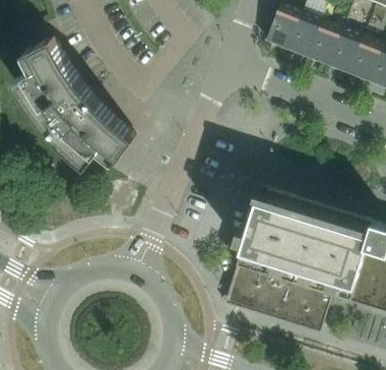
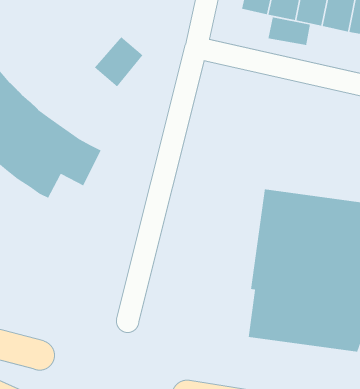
building: none -> [94,36,143,88]
building: none -> [268,16,311,46]

